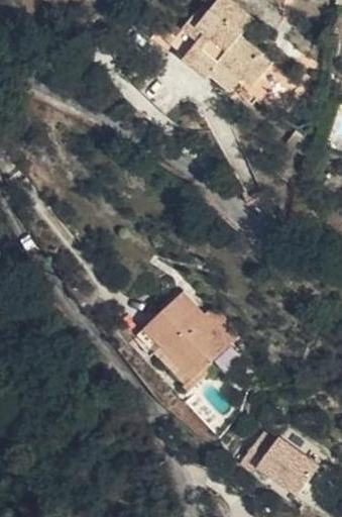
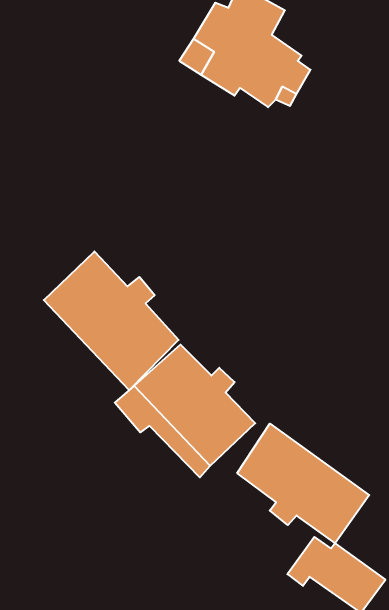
building: none -> [44,251,179,390]
building: none -> [237,424,369,543]

